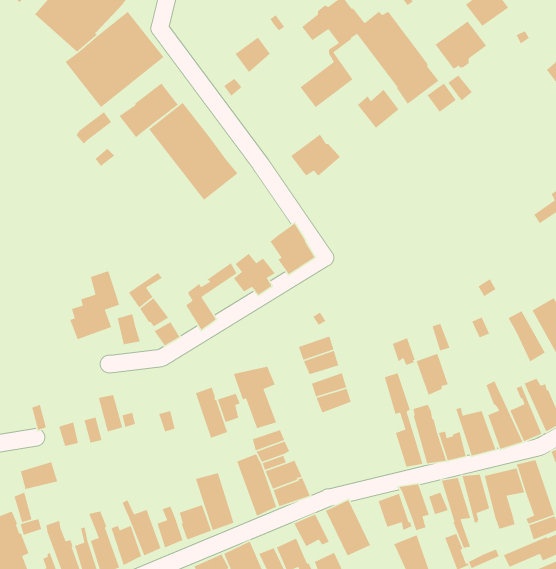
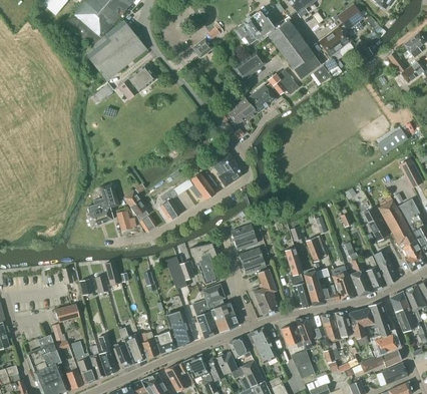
building: [148,102,238,201] -> none
building: none -> [246,85,276,112]
building: none -> [252,269,279,317]

